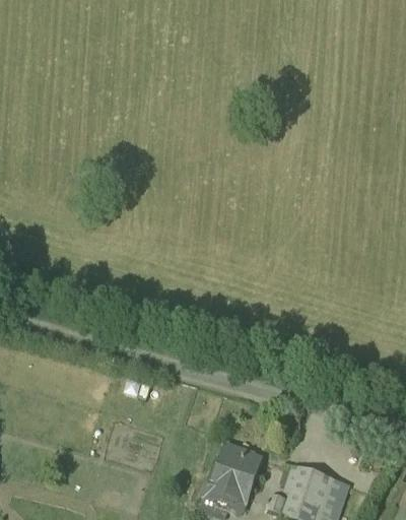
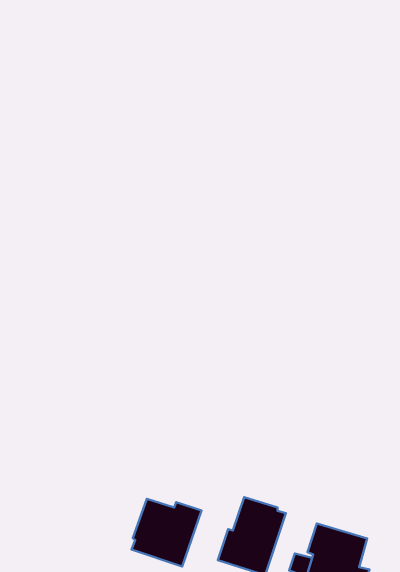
building: none -> [132,499,202,567]

